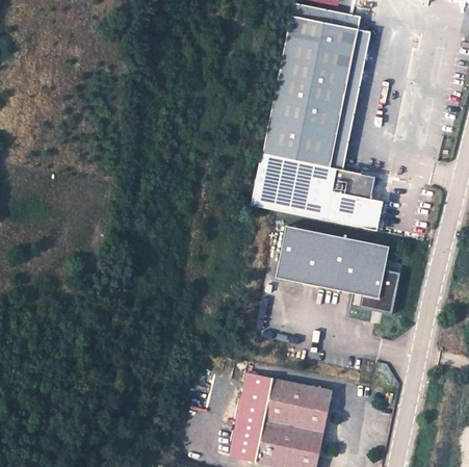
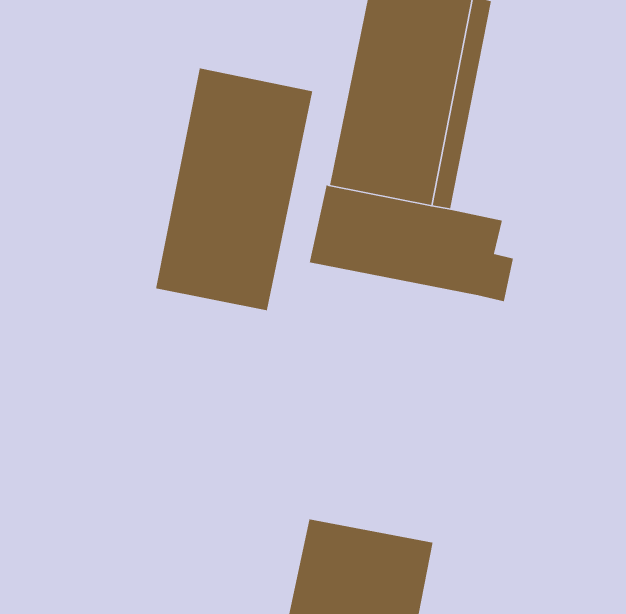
building: none -> [155,68,313,311]
building: [277,226,400,314] -> none

